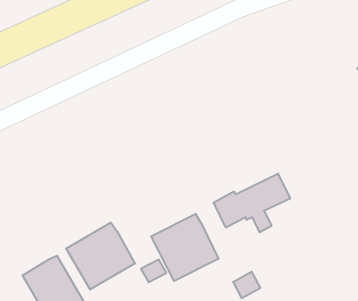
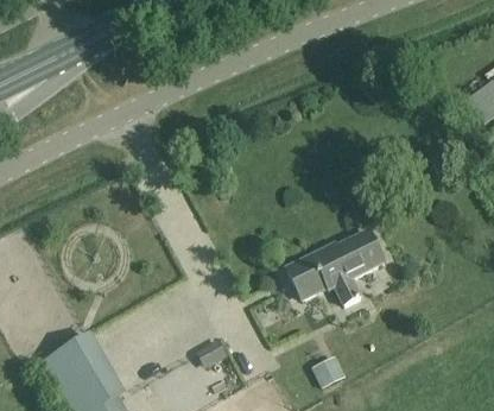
building: [151,214,218,281] -> none
building: [66,222,135,290] -> none

